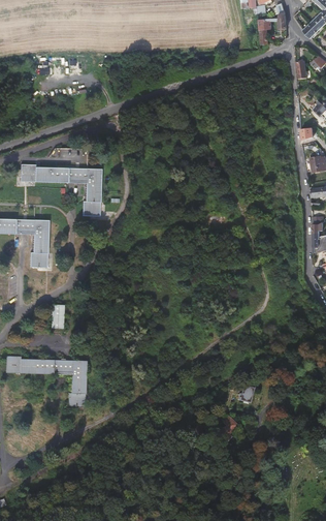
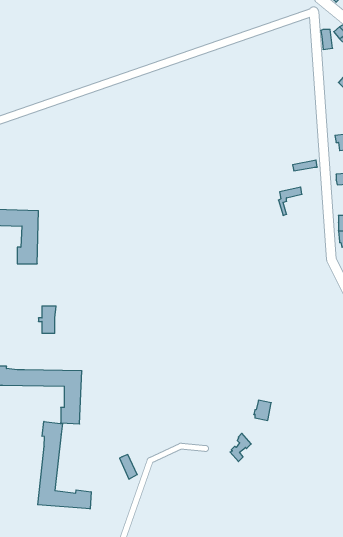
building: [21,164,101,215] -> none
building: none -> [38,421,91,509]

